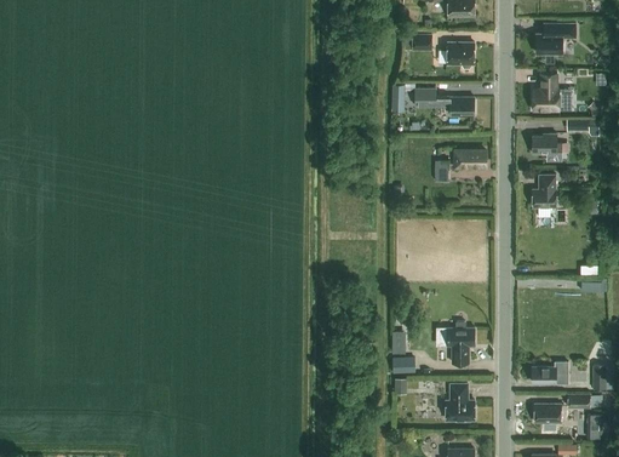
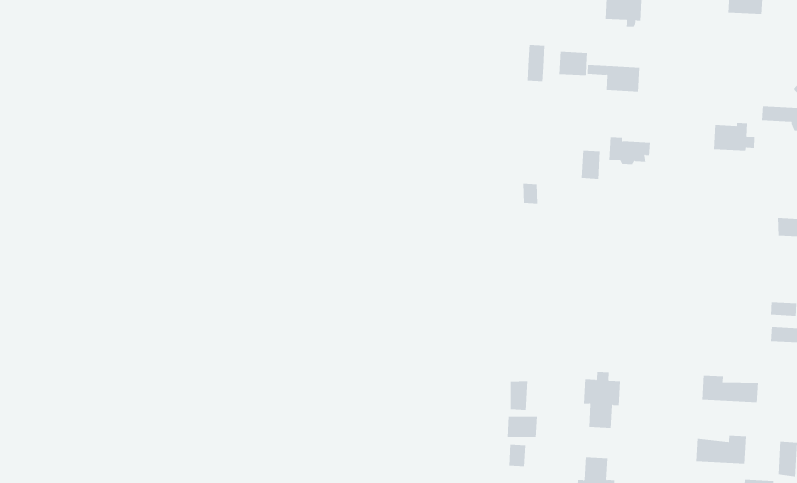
building: [532,73,560,110] -> none
building: [532,175,556,207] -> none
building: none -> [702,375,758,403]

